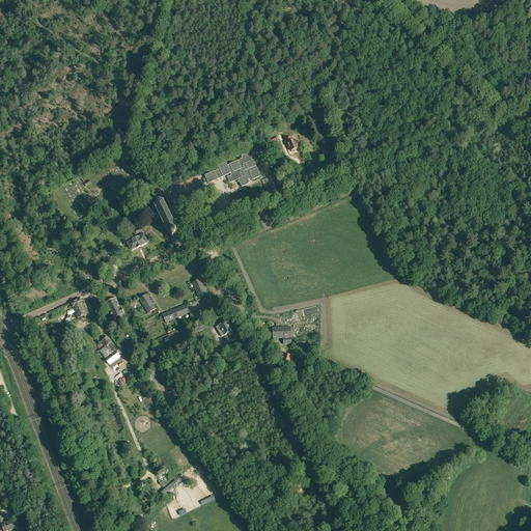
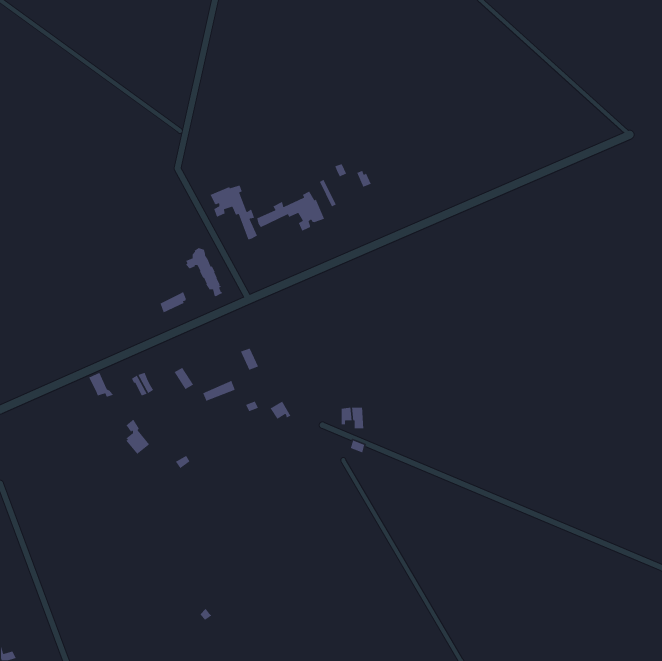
building: none -> [210,184,258,240]

